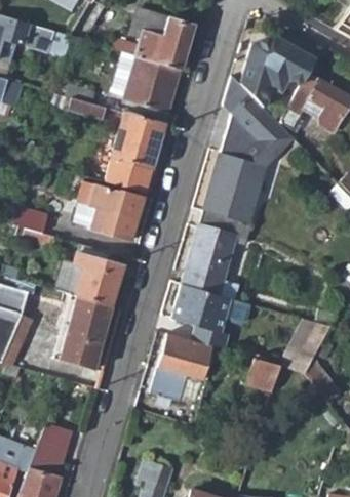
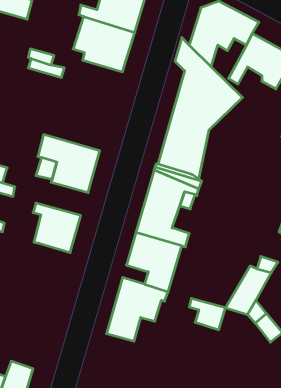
building: [105,115,164,195] -> none
building: [59,297,112,373] -> none

